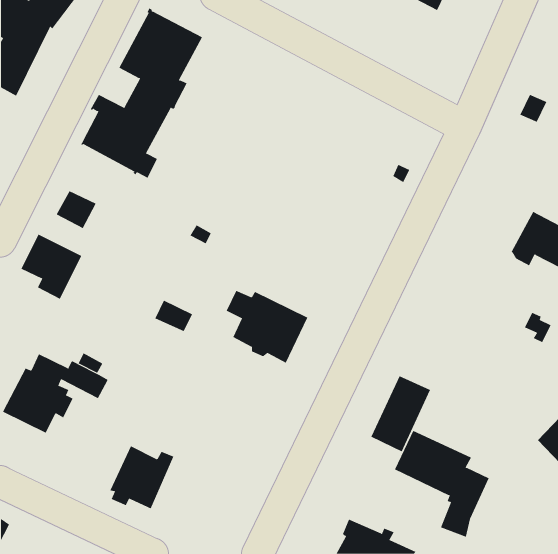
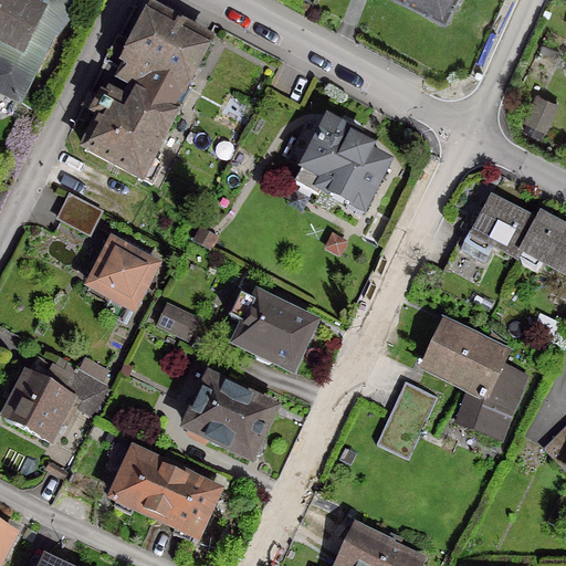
building: none -> [295,119,387,208]
building: none -> [460,197,539,260]
building: [21,234,82,300] -> [94,239,156,305]
building: none -> [187,377,272,454]
building: [394,430,490,537] -> [426,324,522,432]
building: none -> [155,461,217,538]

